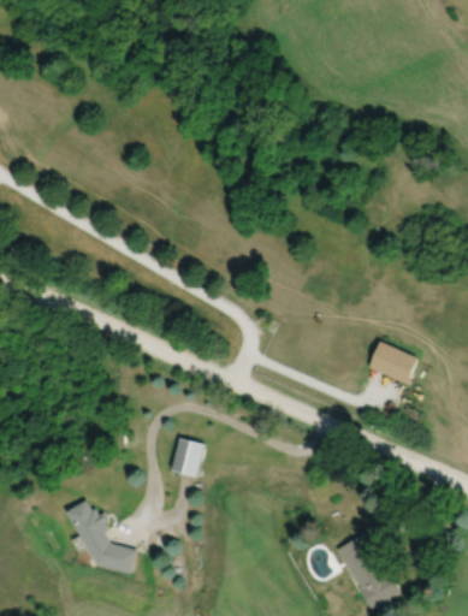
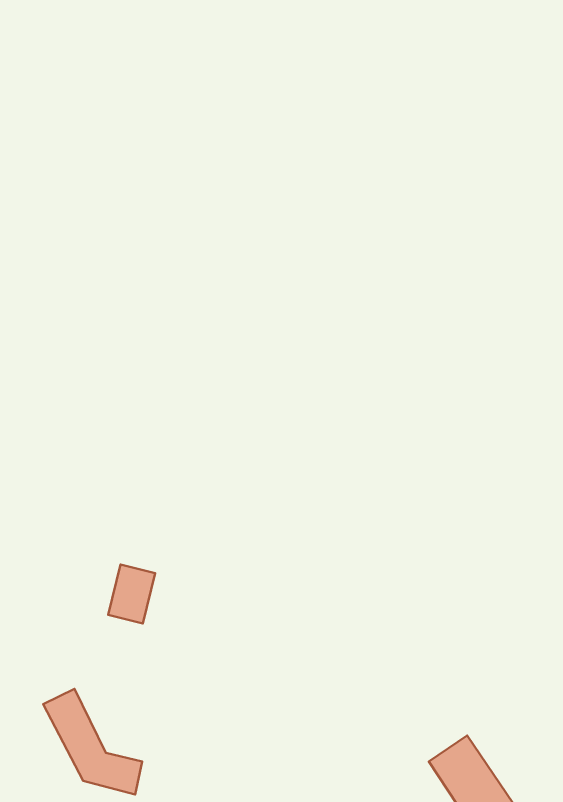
building: [368,340,419,384] -> none
building: [171,437,203,478] -> [108,564,155,623]

